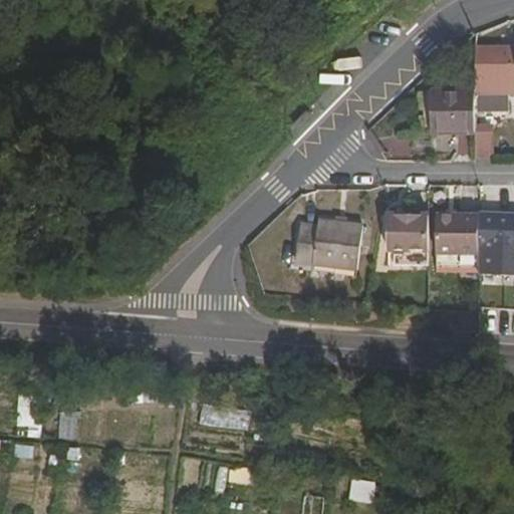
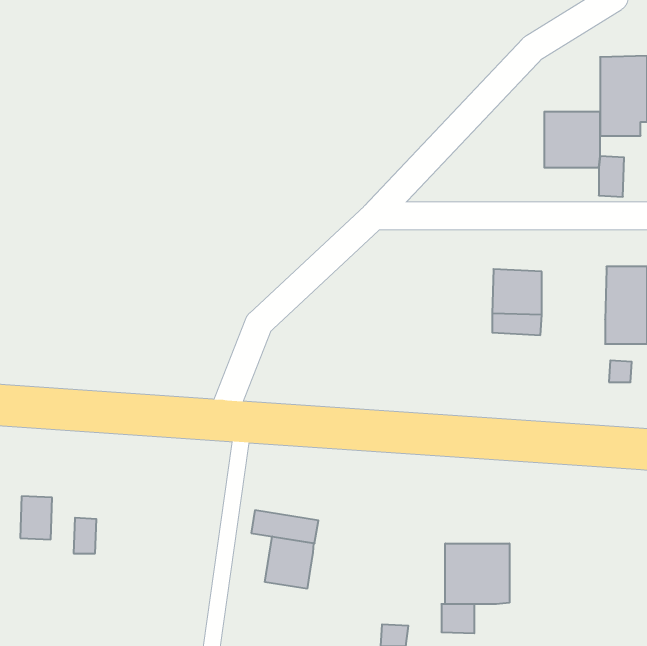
building: [434,212,480,253] -> none
building: [297,220,362,268] -> none
building: none -> [265,536,313,589]
building: none -> [445,543,509,604]

